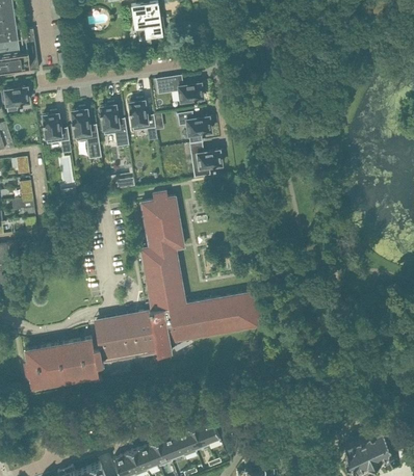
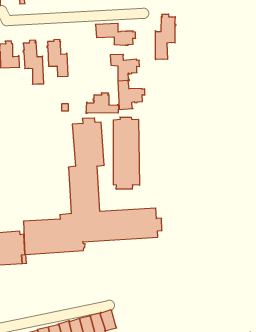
building: none -> [155,14,176,60]
building: [129,99,155,132] -> none
building: none -> [86,93,118,113]
building: none -> [114,117,139,189]

